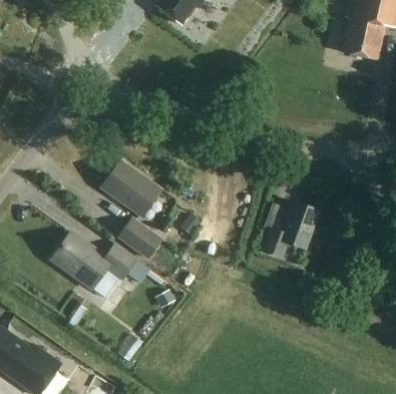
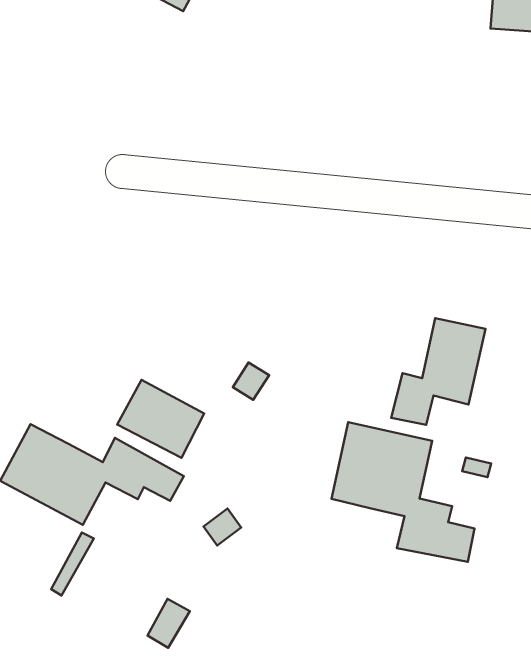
building: [102,161,162,217] -> none
building: none -> [331,422,475,562]

